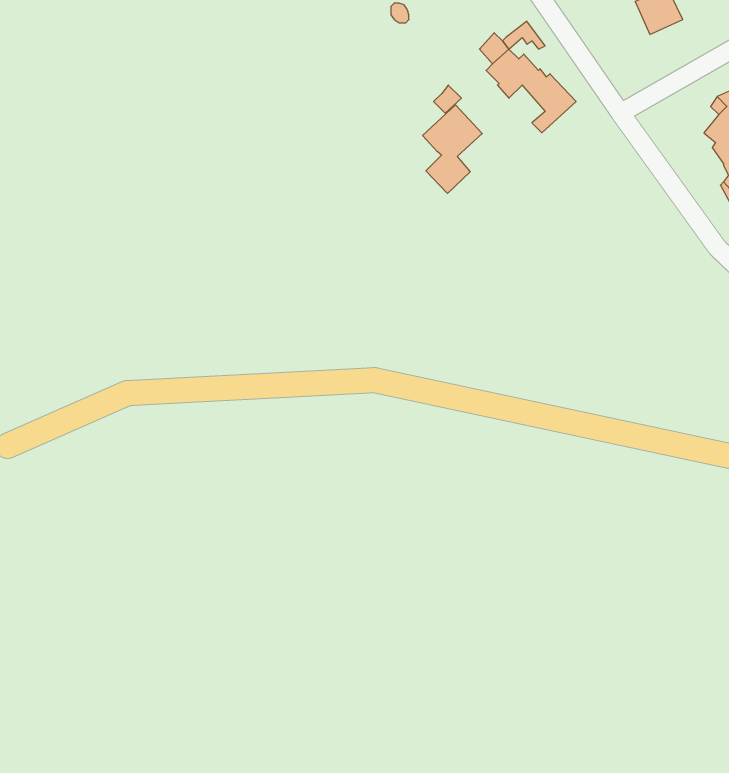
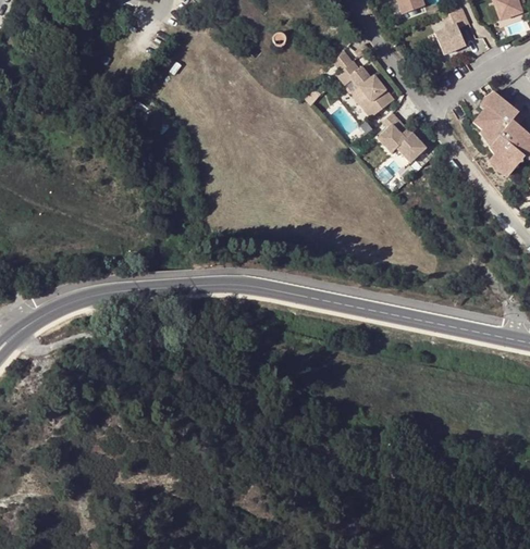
building: [423,105,482,193] -> none
building: none -> [375,123,426,162]

